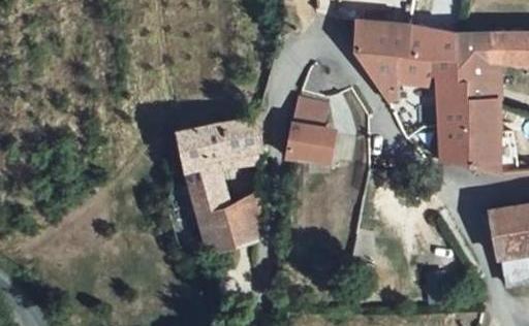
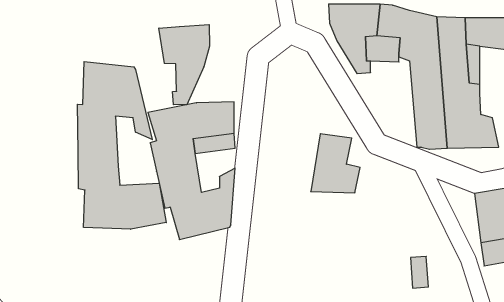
building: none -> [159,25,210,105]
building: none -> [78,62,166,229]
building: [291,98,340,156] -> [311,134,360,193]

